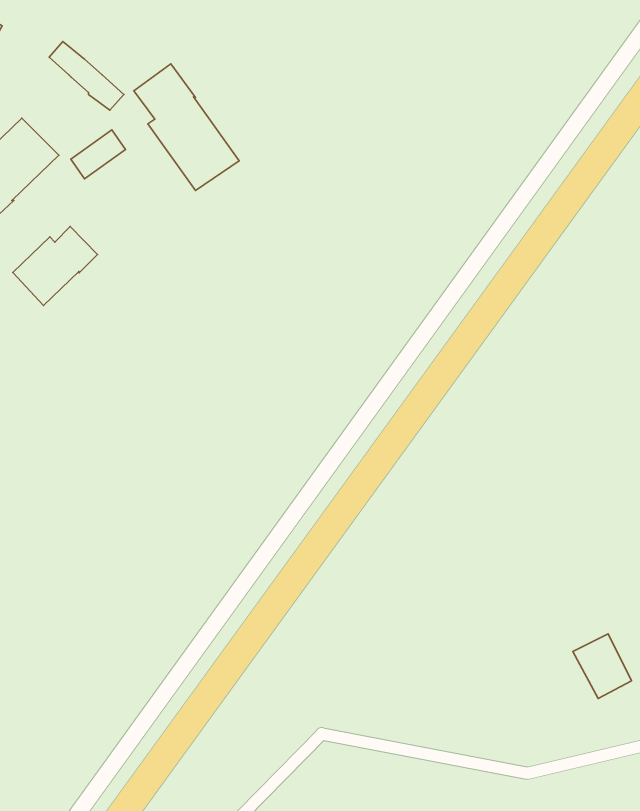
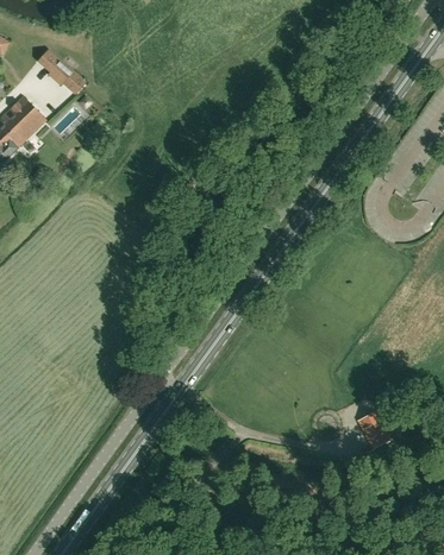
building: [134,64,239,191] -> none
building: [13,226,98,306] -> none

